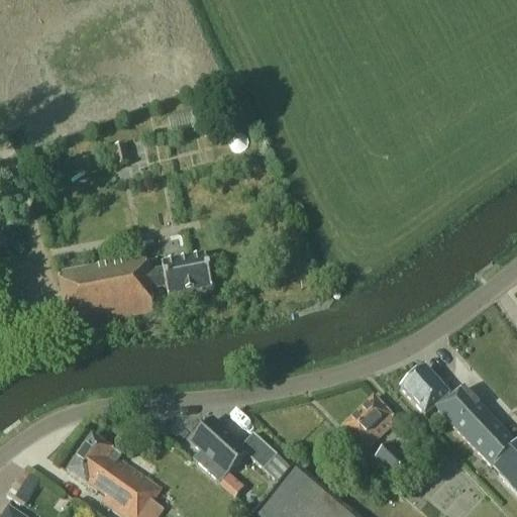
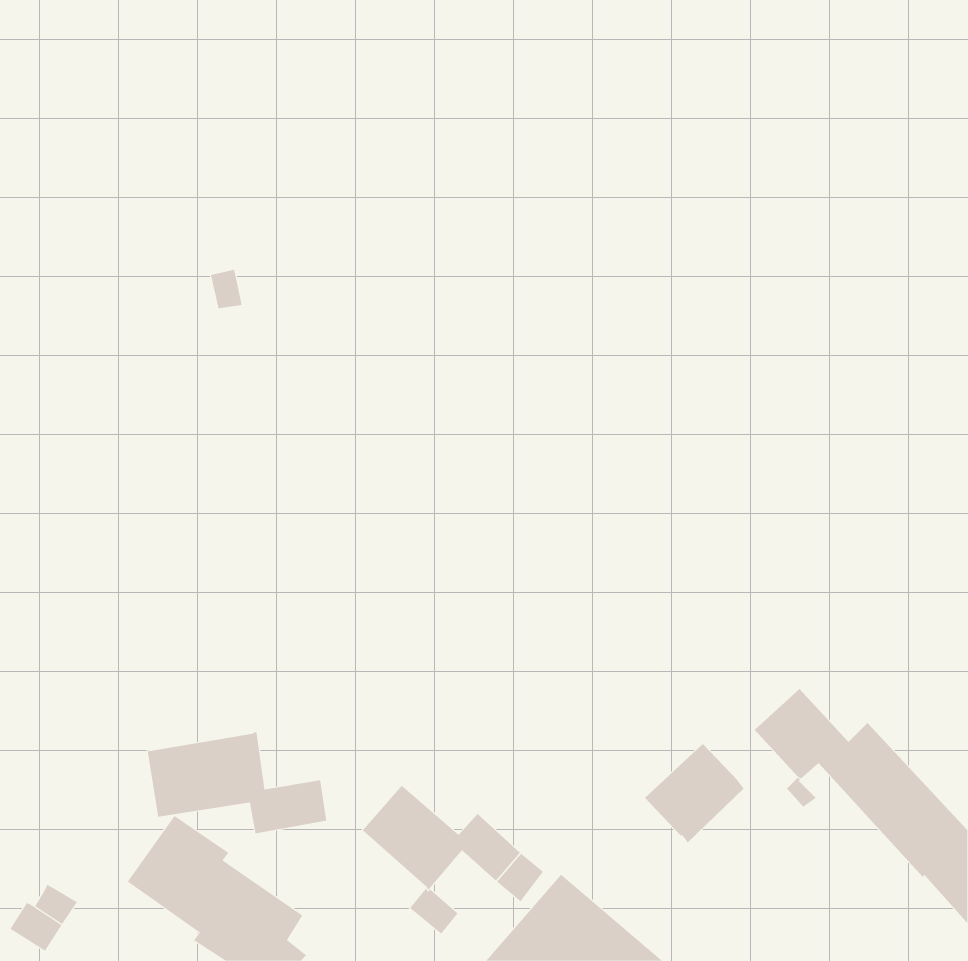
building: [58,253,213,327] -> none
building: none -> [147,731,327,834]
building: [376,441,408,474] -> none

